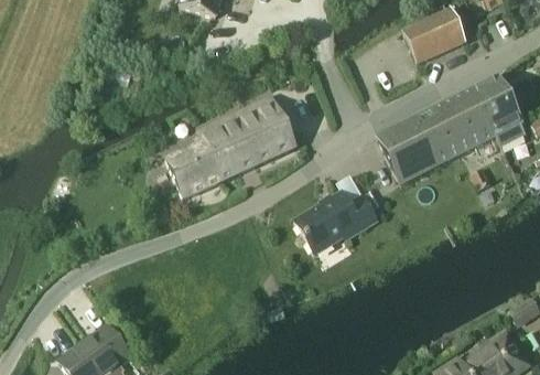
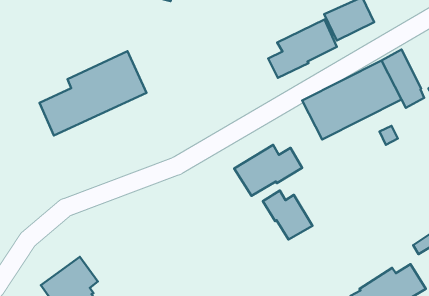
building: none -> [268,20,337,78]
building: [165,95,295,197] -> [39,51,147,136]
building: none -> [263,191,312,240]

